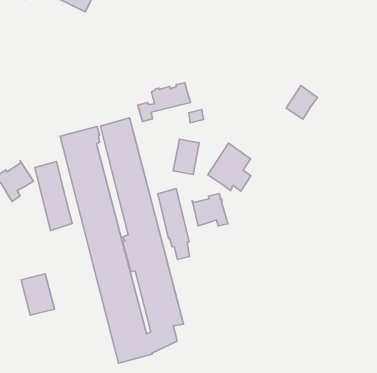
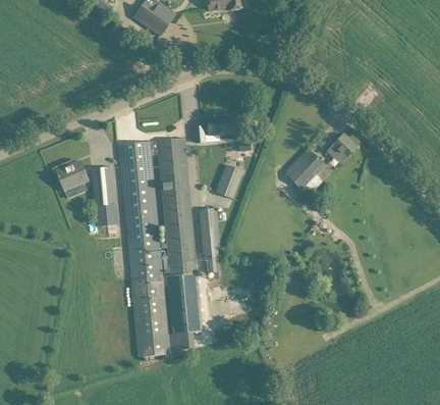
building: [208,143,251,191] -> [284,148,325,193]
building: [192,193,228,226] -> none
building: [21,274,55,315] -> none

